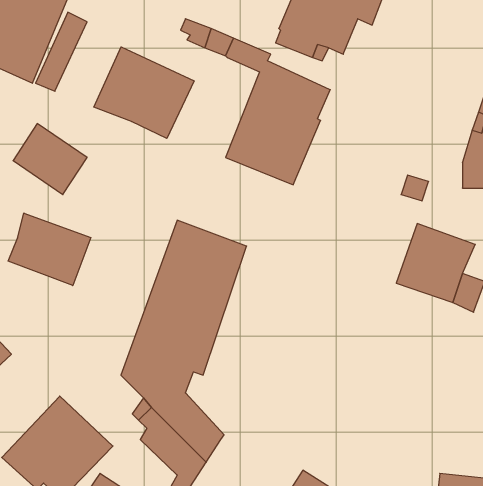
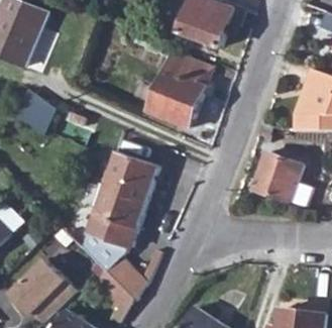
building: [94,47,194,138] -> none
building: [8,213,91,286] -> none

